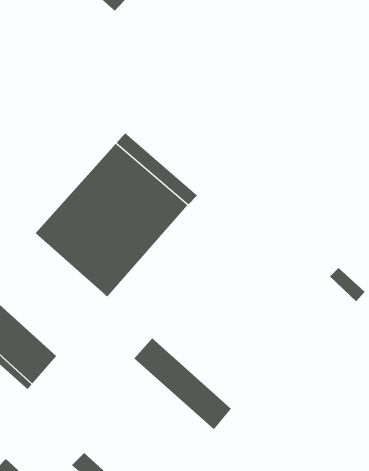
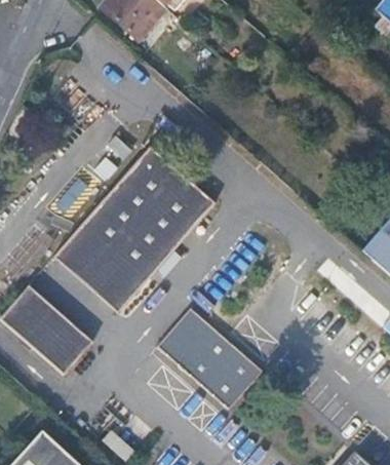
building: none -> [53,235,133,310]
building: none -> [172,306,261,389]

